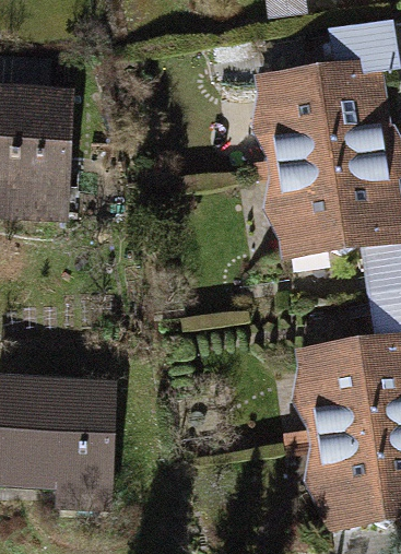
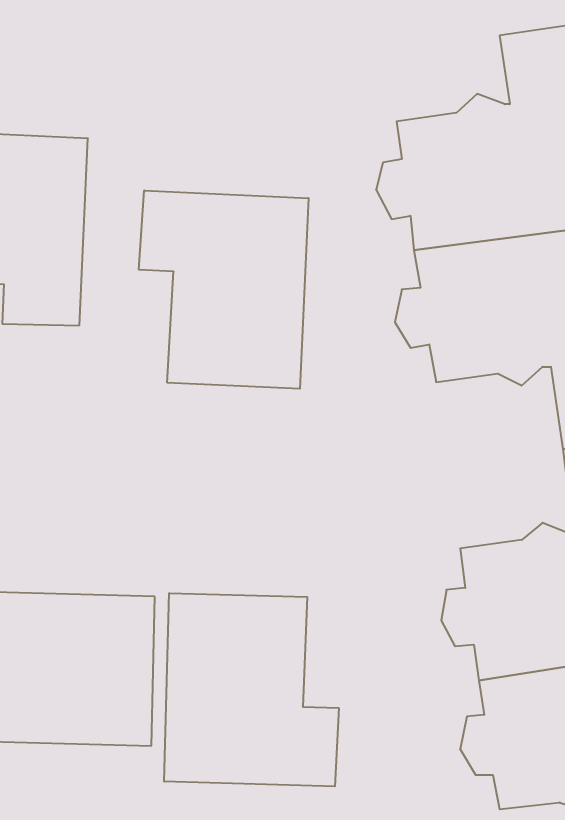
building: none -> [139,190,309,389]
building: none -> [164,593,339,786]

